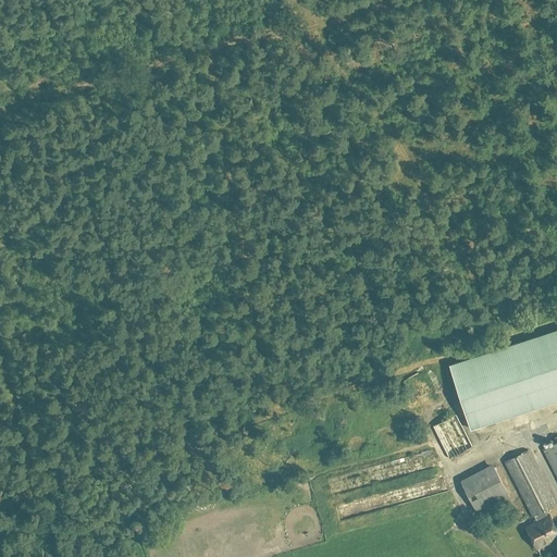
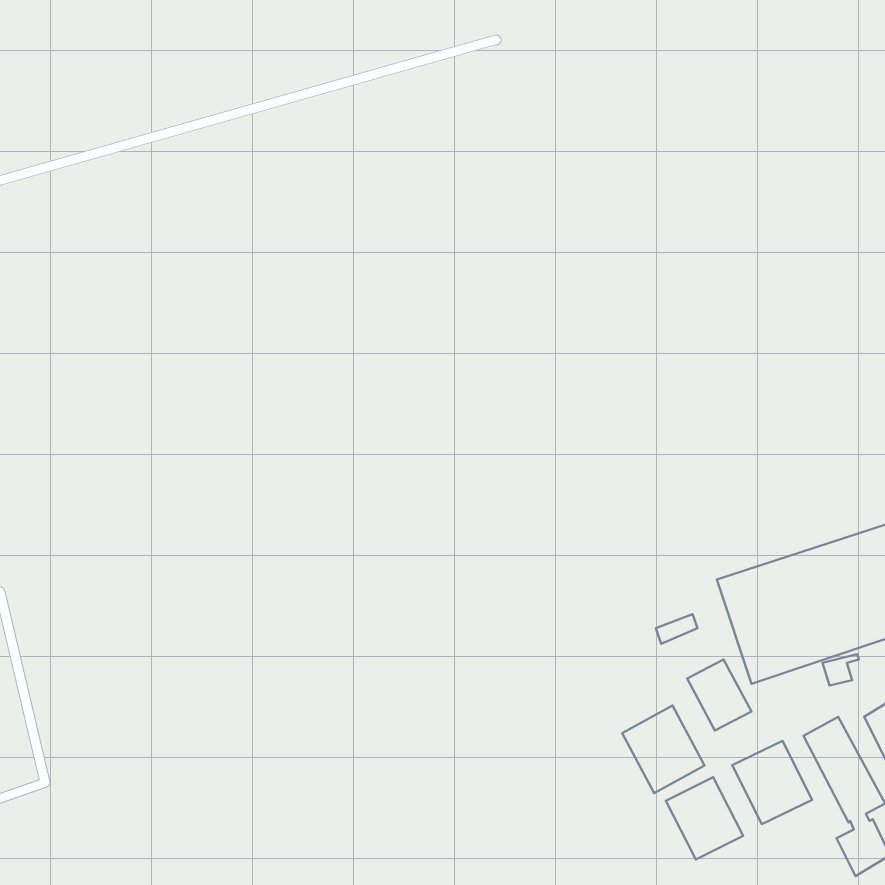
building: none -> [622,706,704,793]
building: none -> [666,777,743,860]

